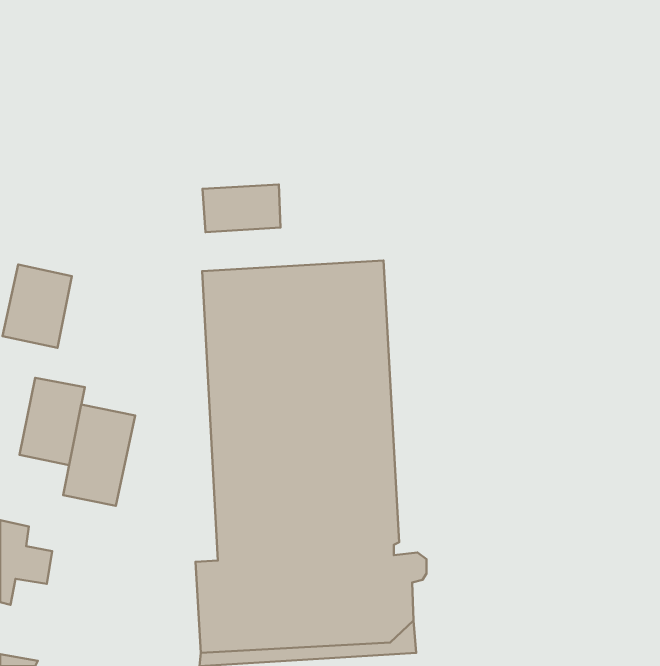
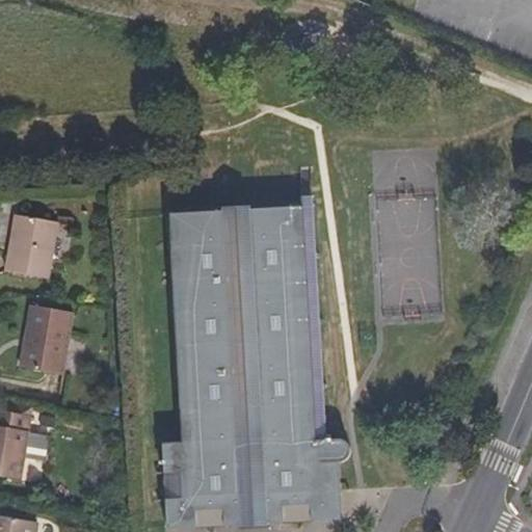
building: [202,185,280,232] -> none
building: [63,404,135,506] -> none

